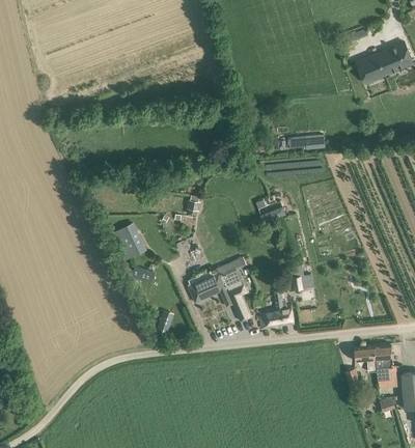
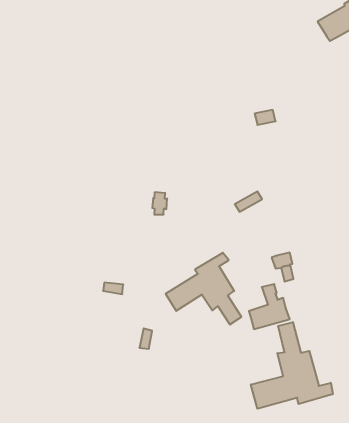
building: [118,222,147,256] -> none
building: none -> [251,322,333,409]

